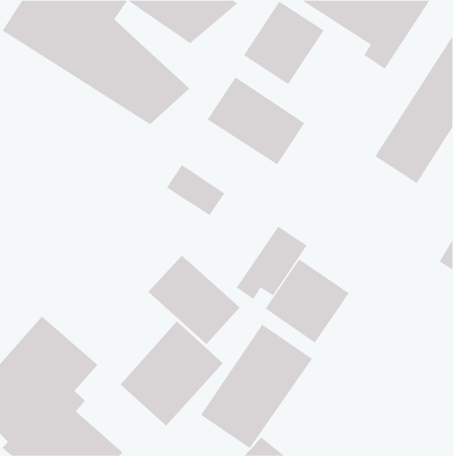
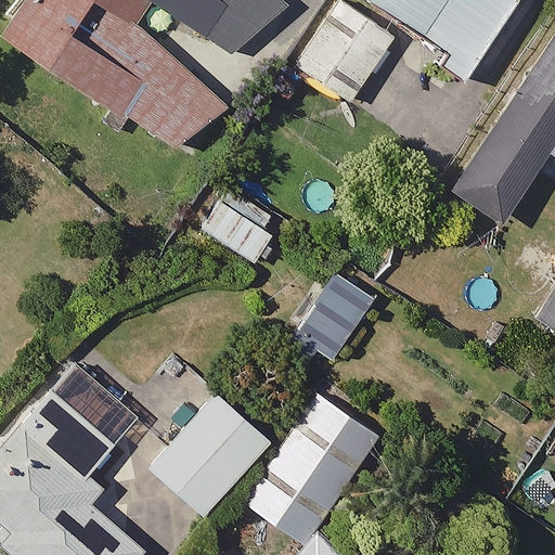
building: [207,76,305,165] -> none
building: [148,255,241,345] -> none
building: [265,258,350,344] -> none

